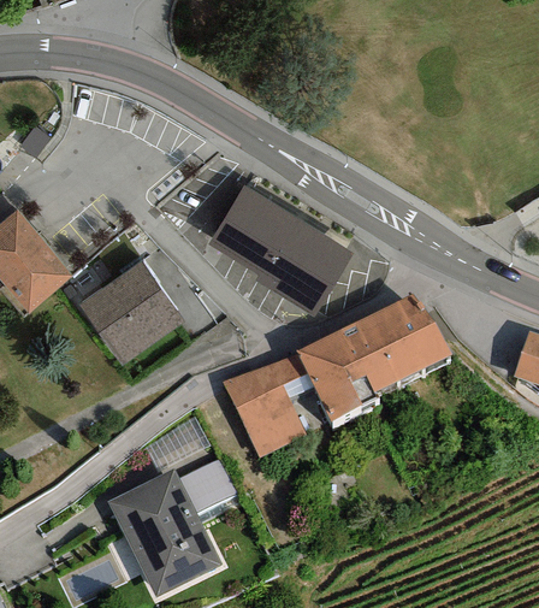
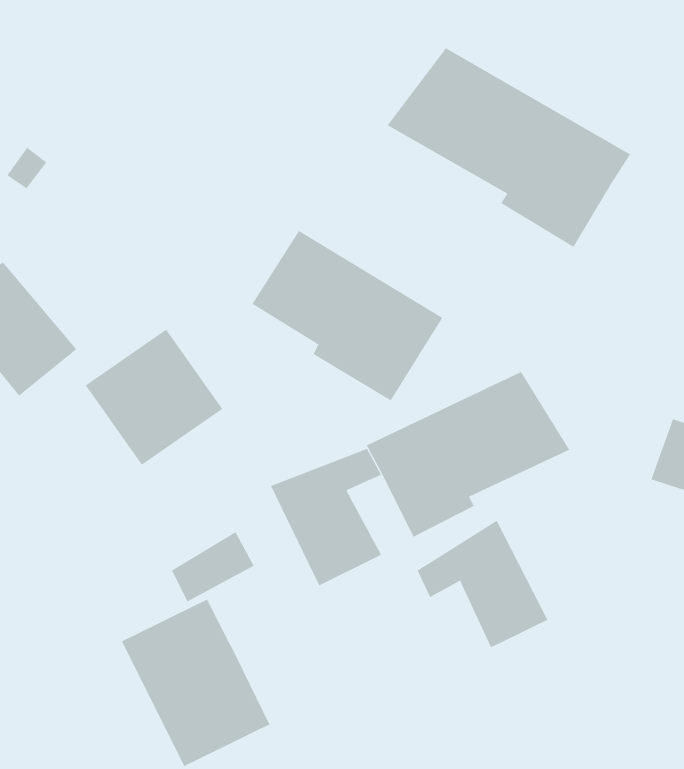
building: none -> [387,47,631,248]
building: none -> [417,520,548,648]
building: [178,459,236,513] -> none

